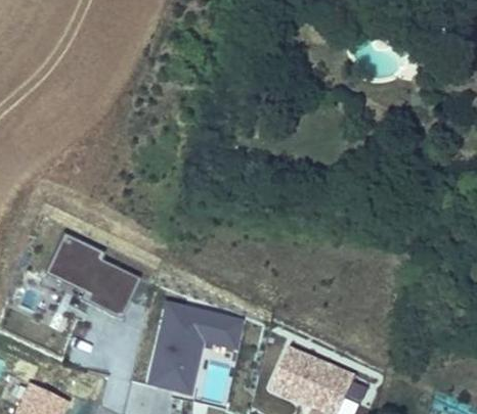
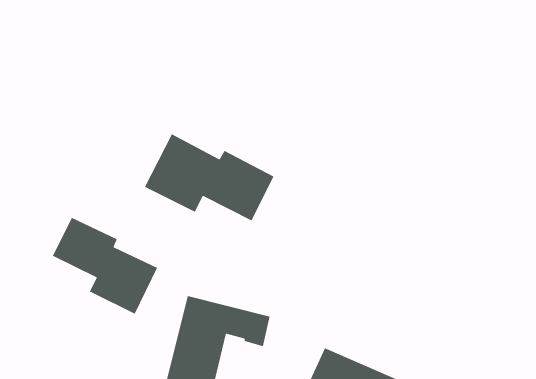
building: none -> [144,133,274,221]

